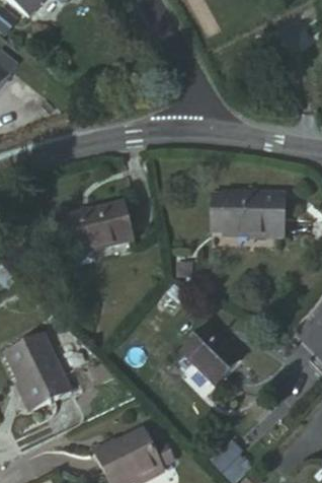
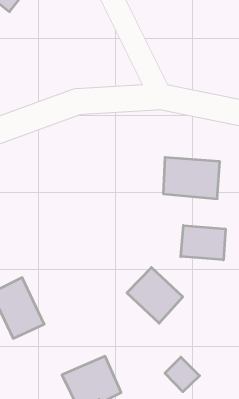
building: [65,197,125,248] -> none
building: none -> [181,225,225,260]

